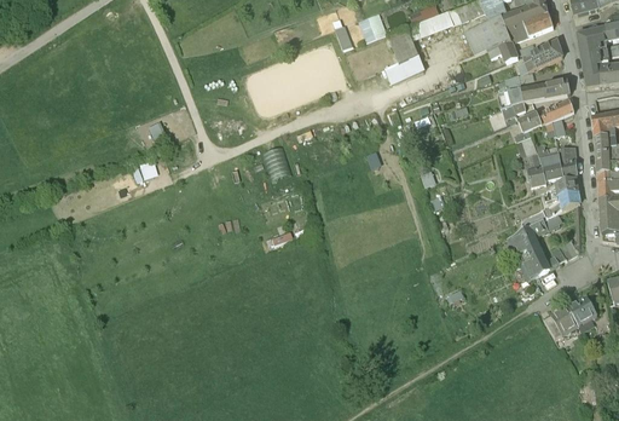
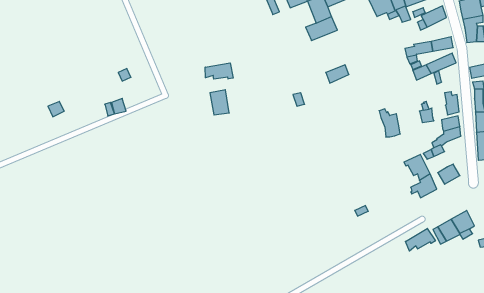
building: none -> [205,63,233,79]
building: [537,145,563,180] -> [379,109,400,137]
building: none -> [405,228,435,251]

